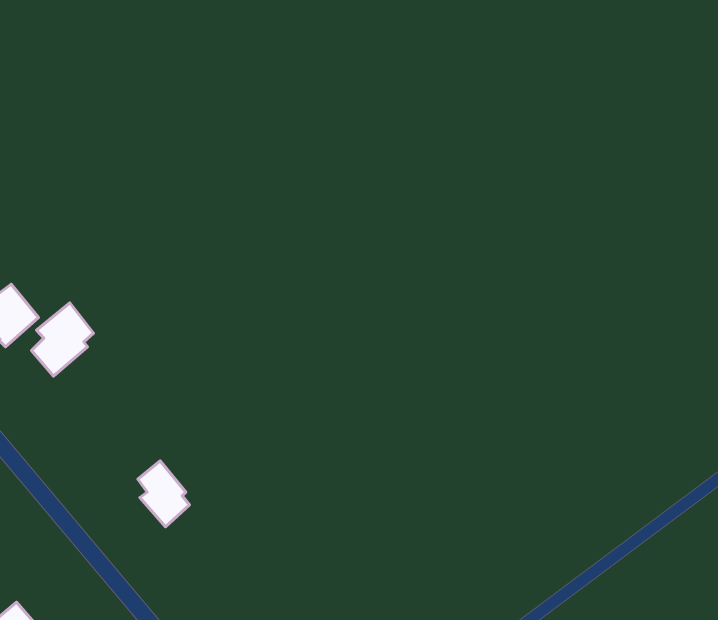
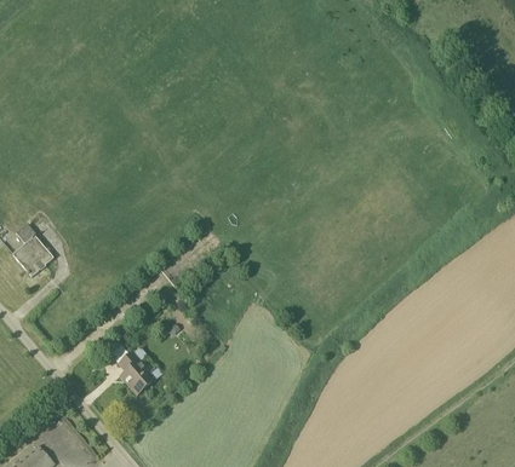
building: [32,303,93,376] -> none

